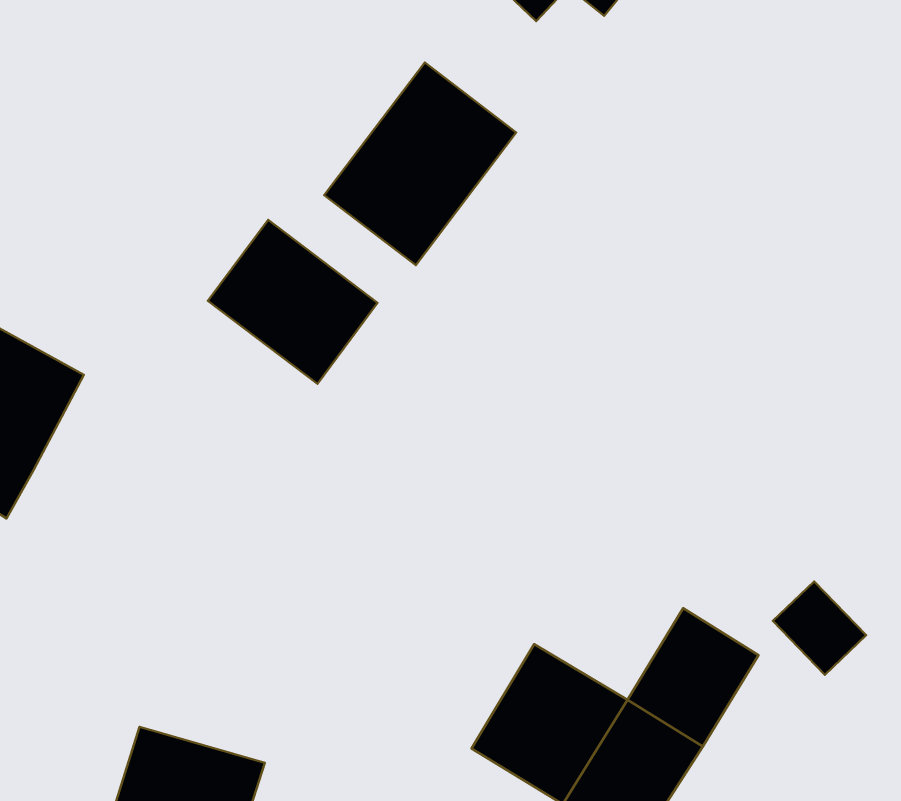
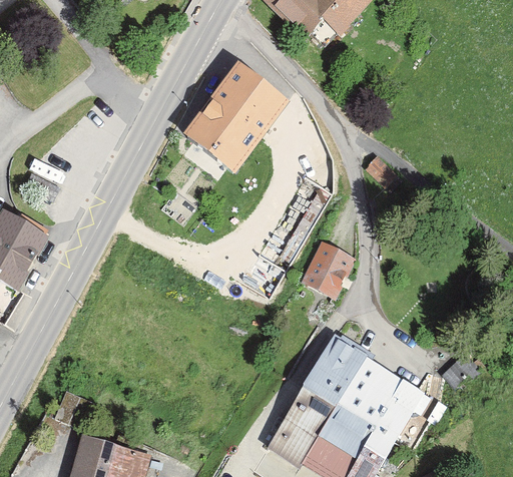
building: [208,220,378,384] -> none
building: none -> [299,238,355,299]
building: none -> [302,335,385,417]

